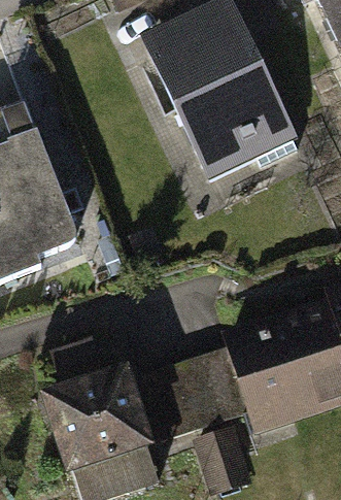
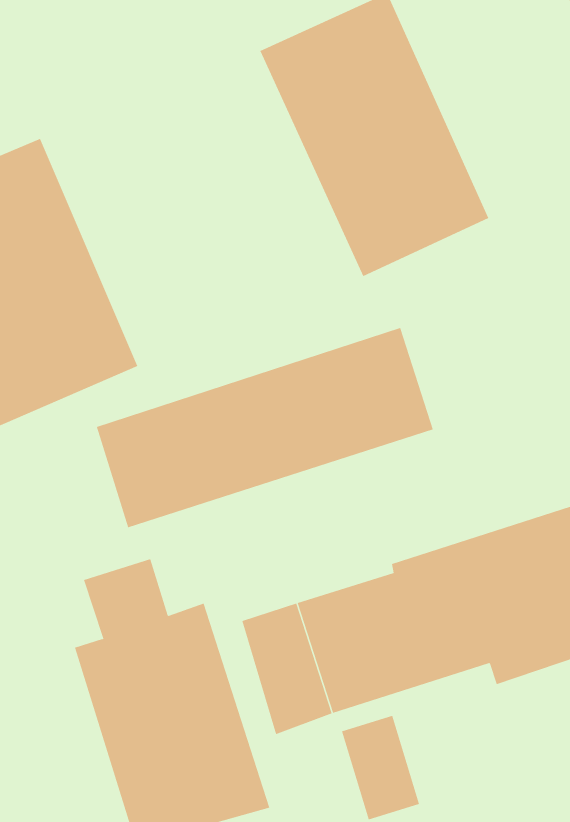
building: none -> [96,327,433,528]

